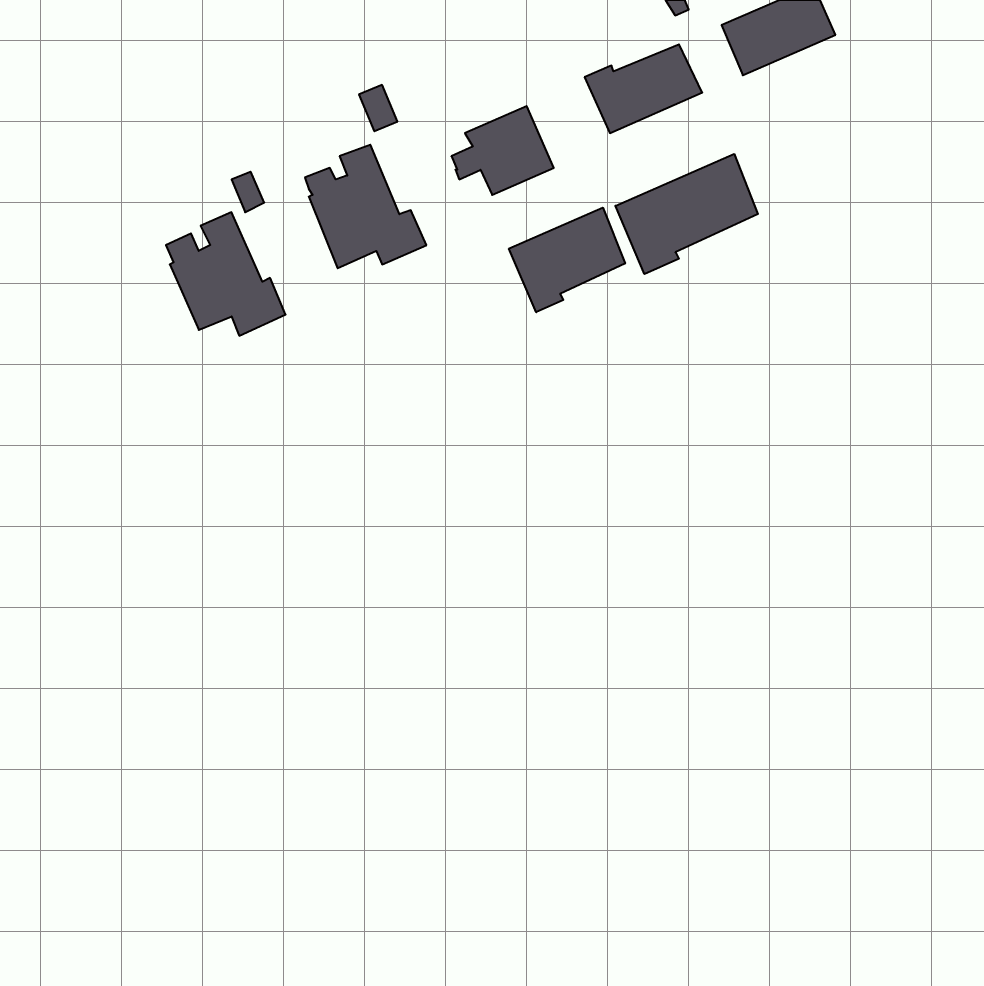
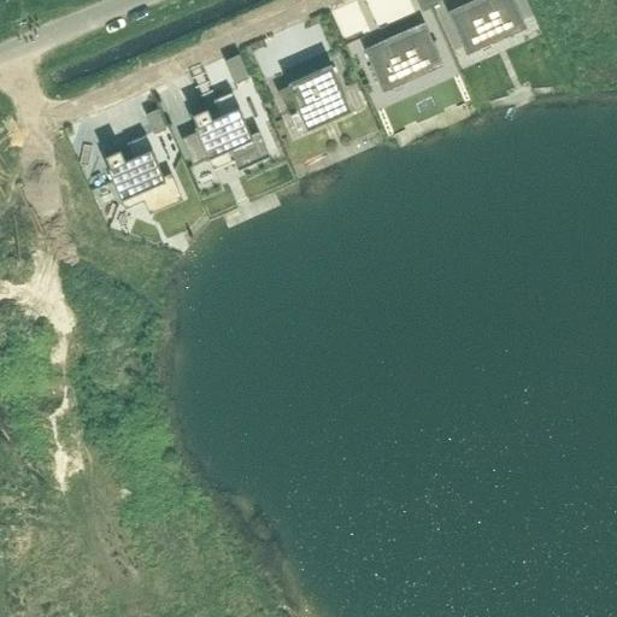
building: [615,154,758,274] -> none
building: [509,208,625,312] -> none

